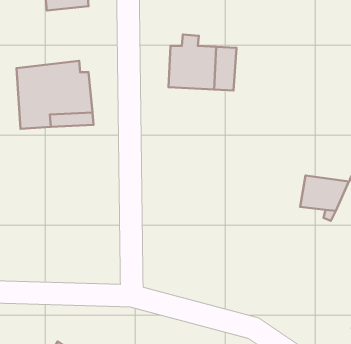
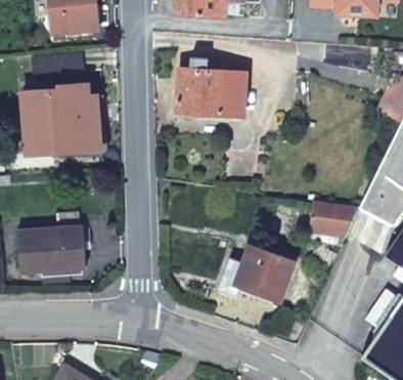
building: none -> [19,224,85,270]
building: none -> [220,245,294,298]

